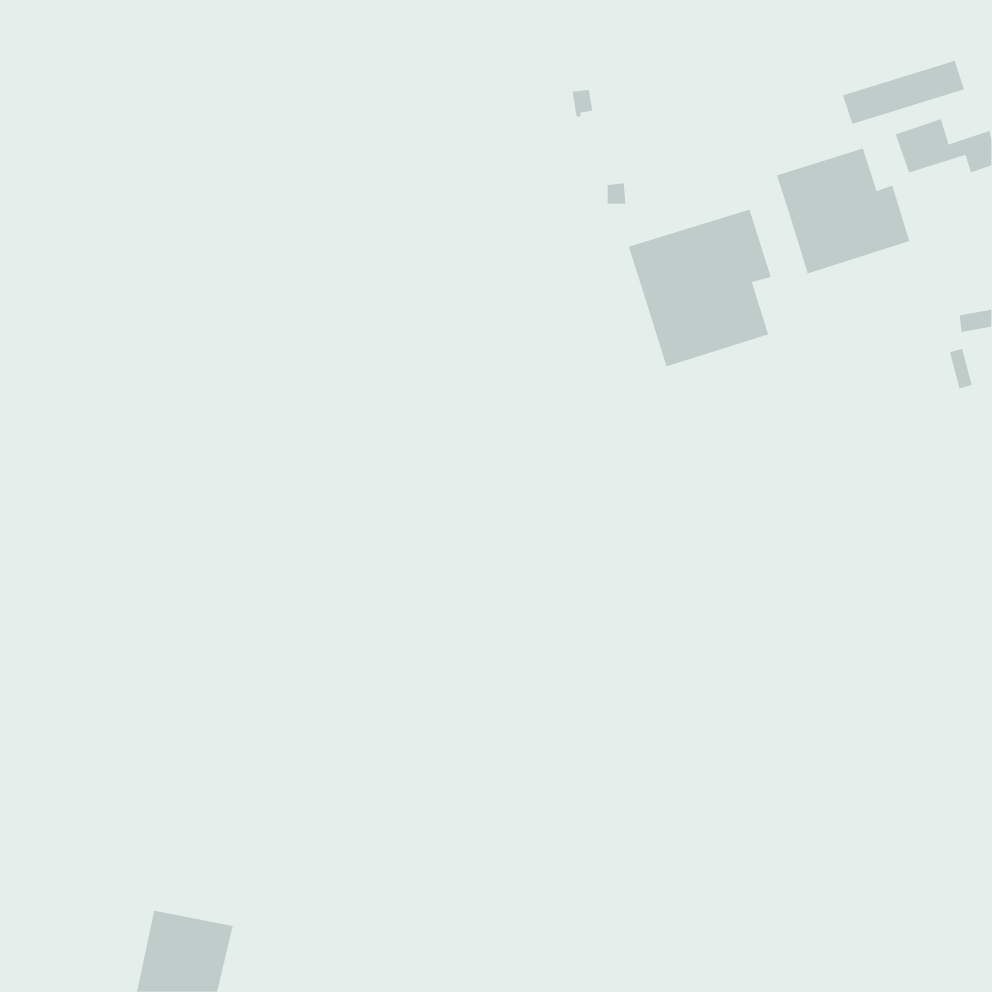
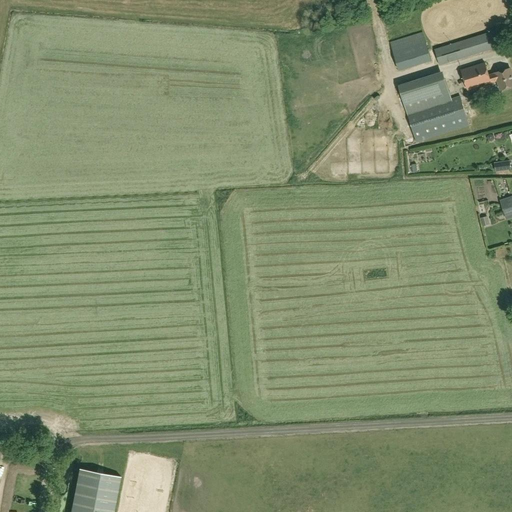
building: none -> [391,37,430,69]
building: [628,209,771,367] -> none

